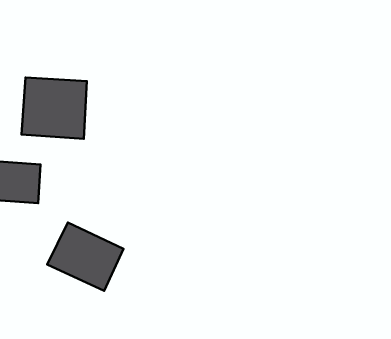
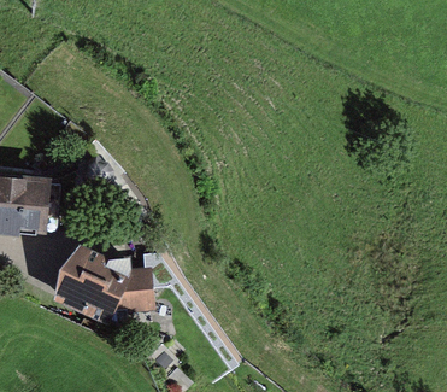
building: [21,77,87,139] -> none

